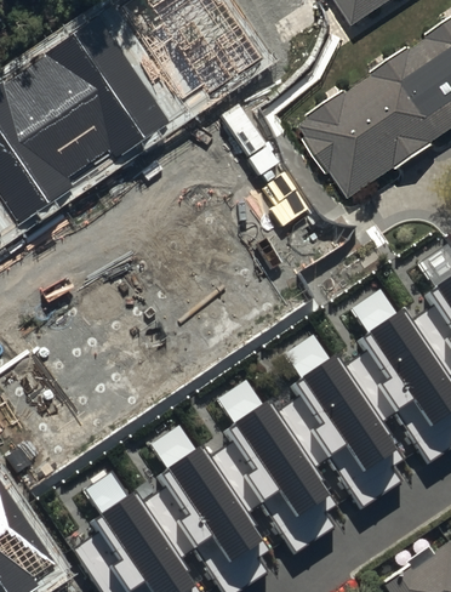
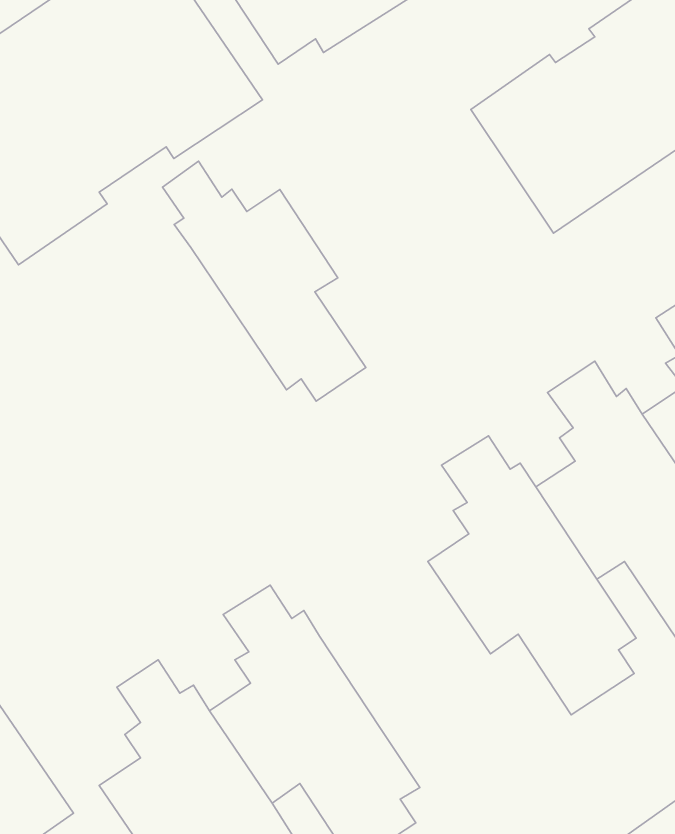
building: none -> [162,161,366,401]
building: [205,375,335,547] -> none

